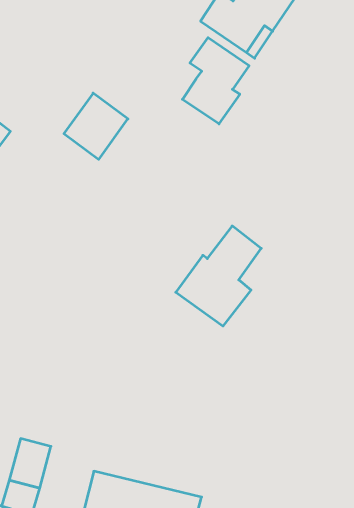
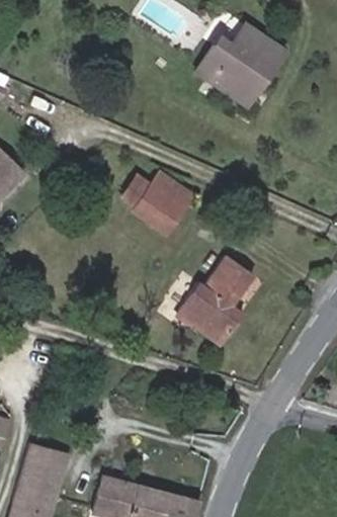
building: [182,38,249,124] -> none
building: [64,93,128,159] -> [133,171,190,231]

